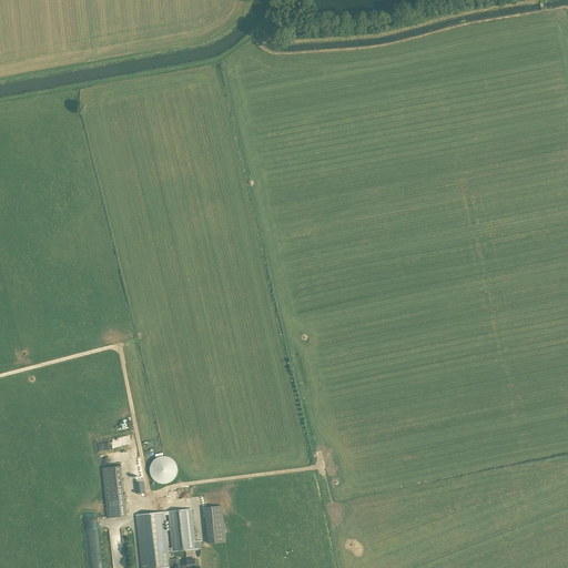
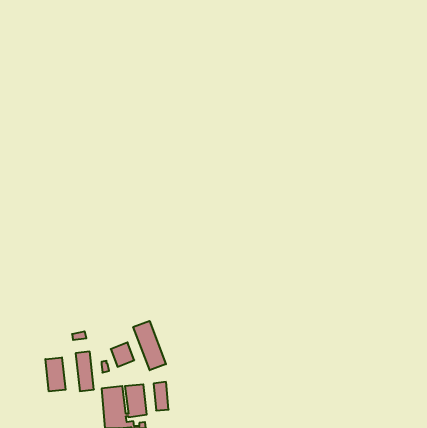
building: none -> [133,321,166,370]
building: none -> [45,357,66,391]

